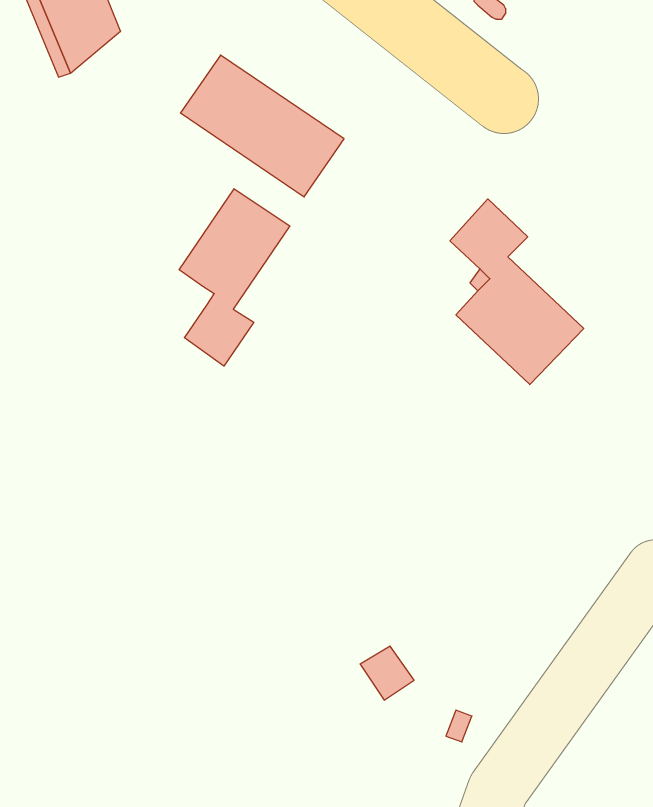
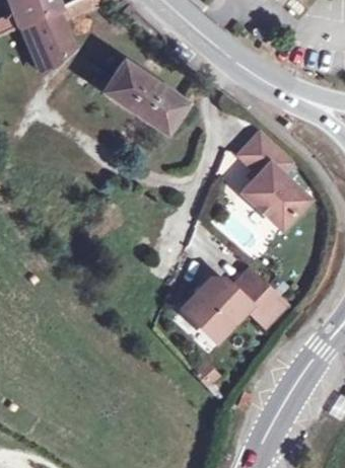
building: [179,189,290,366] -> none
building: none -> [183,267,284,338]

